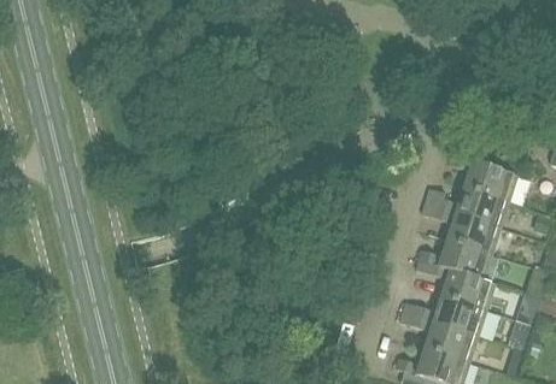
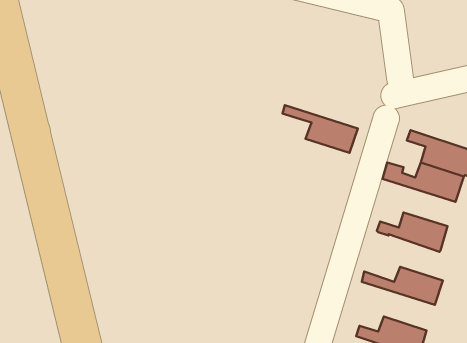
building: [421,202,499,252] -> [282,105,358,153]
building: [415,258,496,308] -> none
building: [399,309,478,360] -> none

